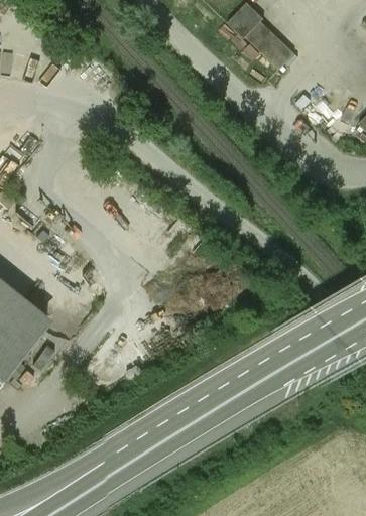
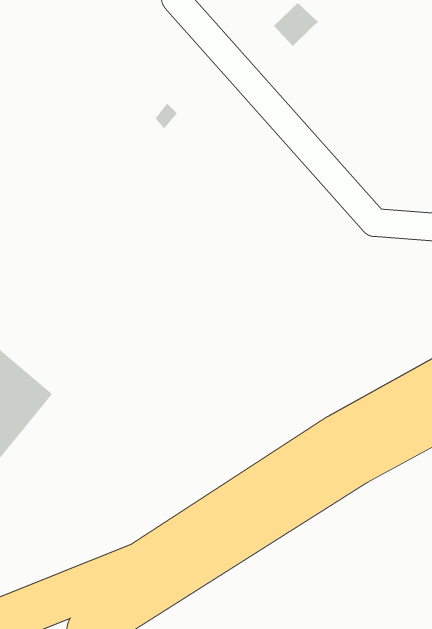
building: [241,21,293,72] -> none

